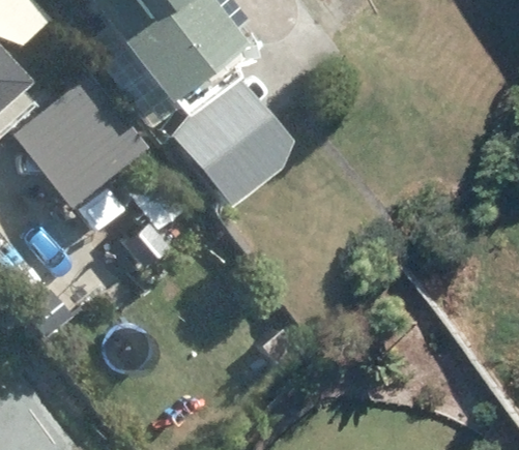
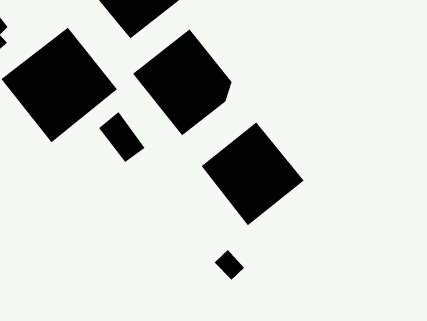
building: none -> [201,122,305,226]

